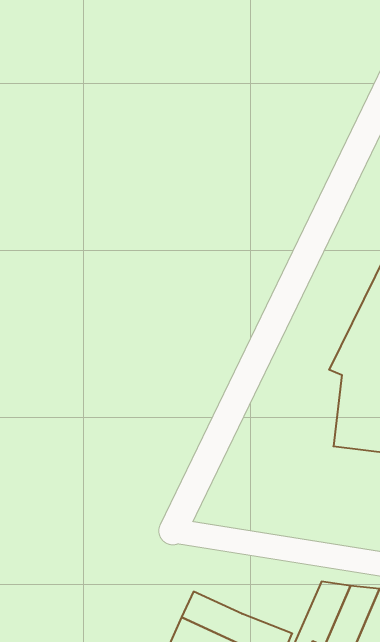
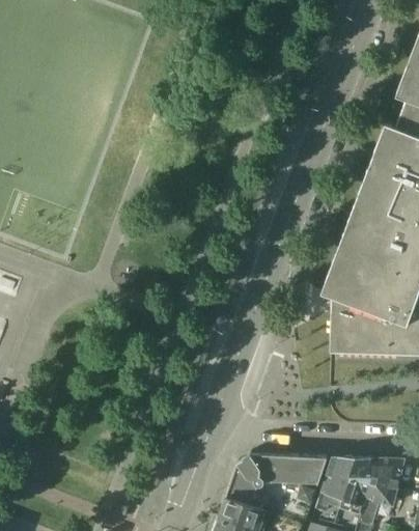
building: none -> [233,453,328,501]

